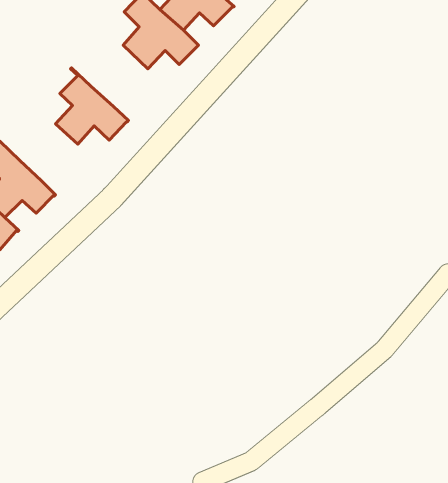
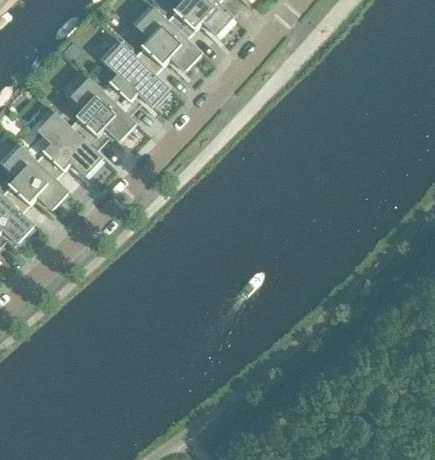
building: none -> [99,39,169,110]
building: none -> [35,108,102,179]

